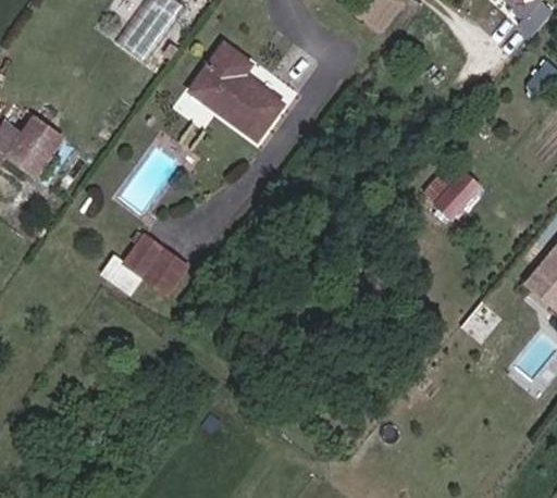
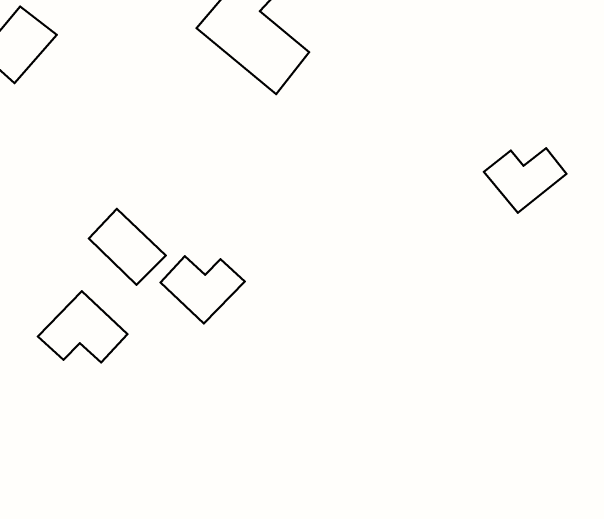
building: none -> [161,256,245,324]
building: none -> [38,291,128,363]

